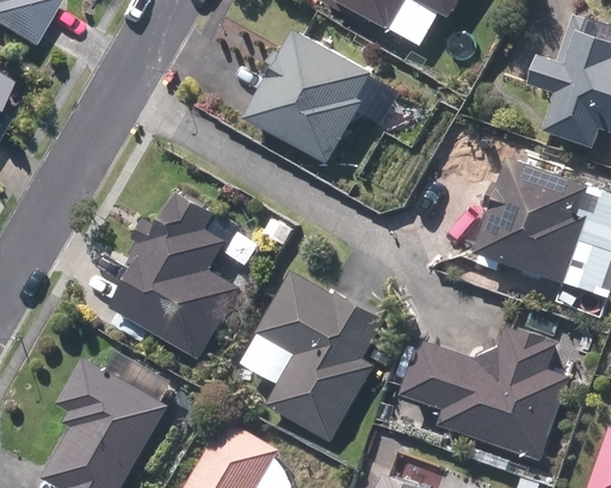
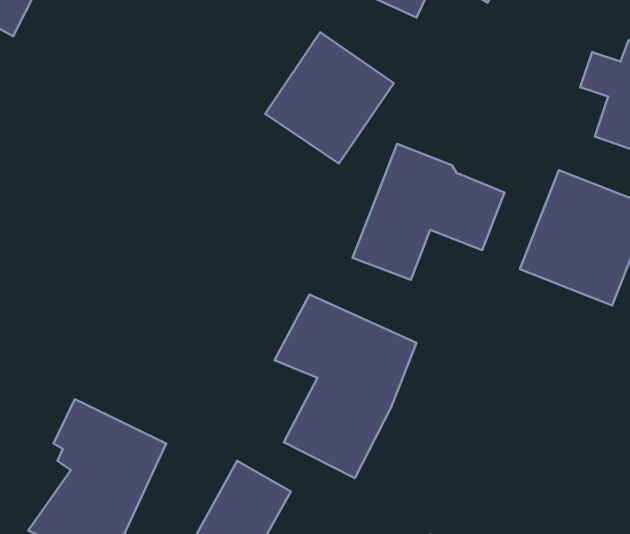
building: none -> [352,144,504,280]
building: [107,192,232,358] -> none
building: [402,327,561,446] -> none

